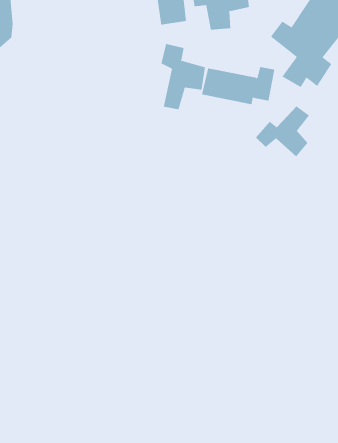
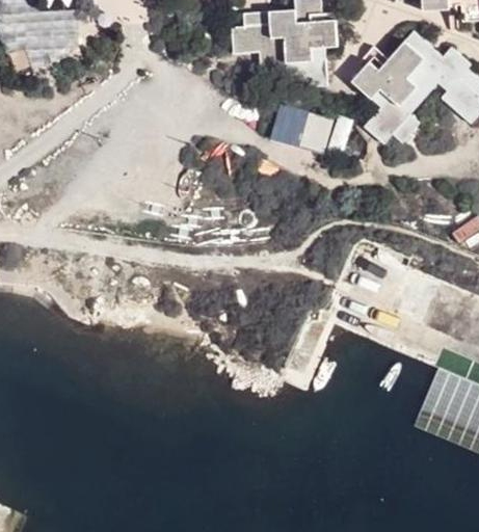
building: [161,43,205,110] -> none
building: [255,105,310,157] -> none

